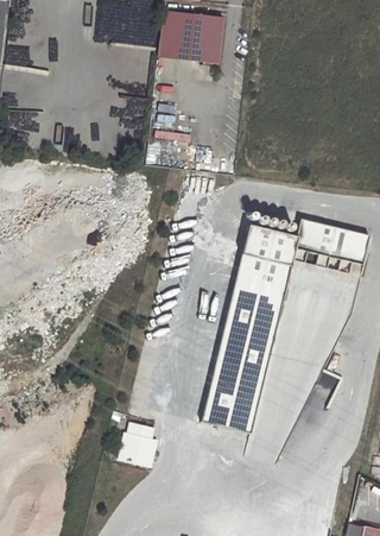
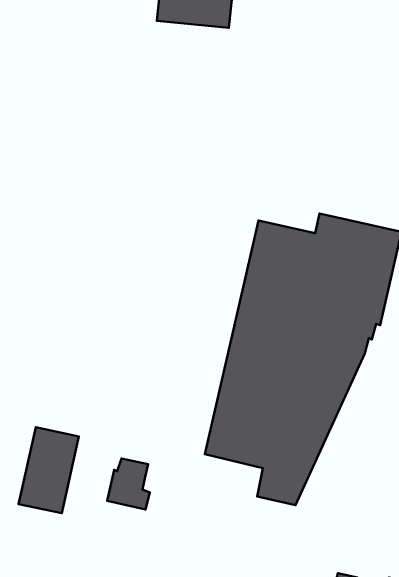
building: none -> [19,427,79,513]

